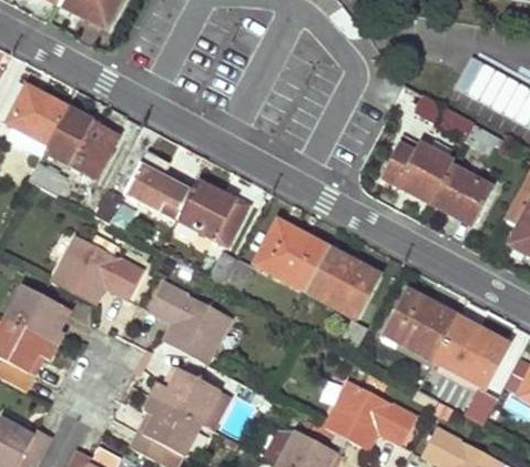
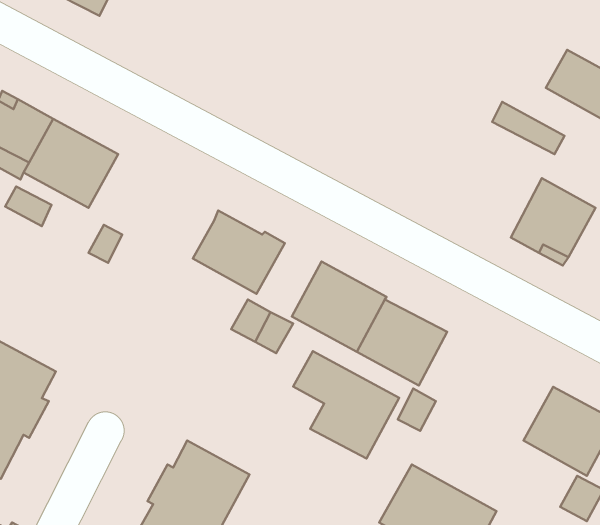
building: [376,124,453,202] -> none
building: [123,150,194,222] -> none
building: [52,234,144,303] -> none
building: [149,280,232,364] -> [293,351,399,458]
building: [386,292,460,362] -> none

